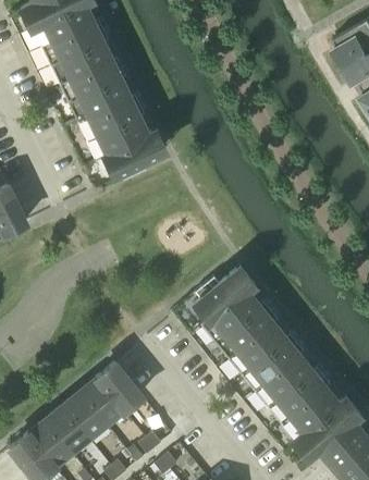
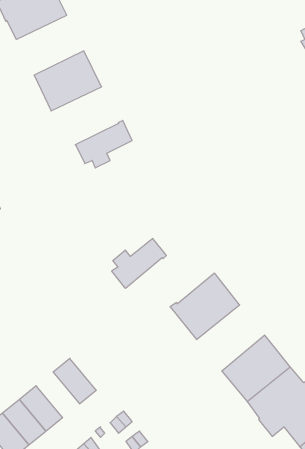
building: [42,22,112,84] -> none
building: [78,96,148,161] -> none
building: [195,269,251,320] -> [112,239,166,288]
building: [229,321,299,390] -> none
building: [98,361,143,409] -> none
building: [63,391,108,438] -> none

